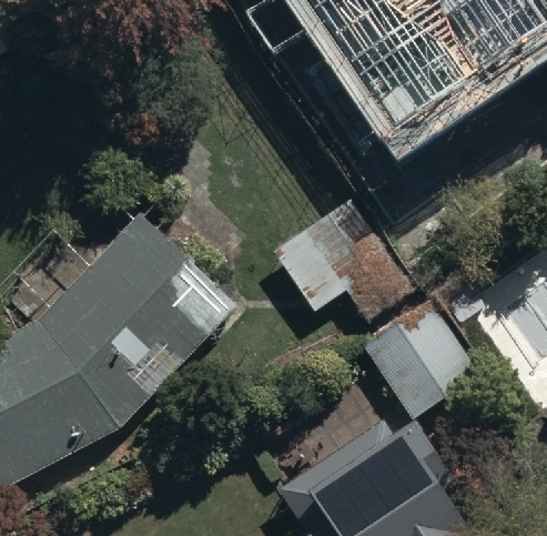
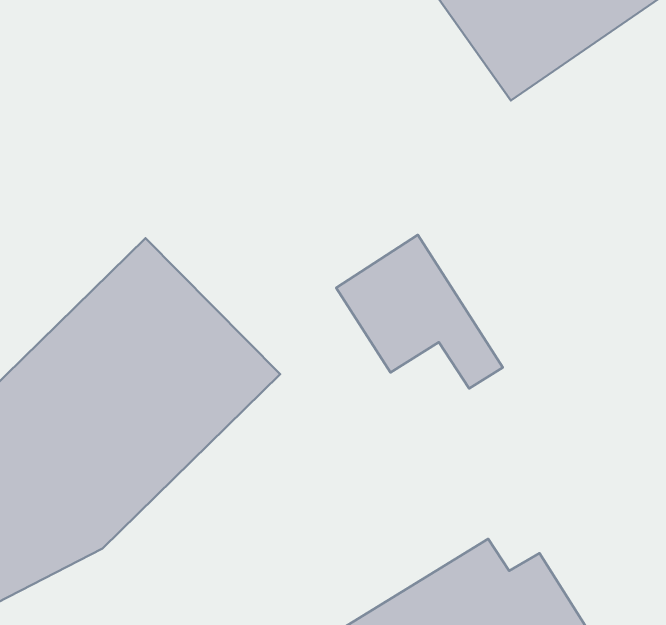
building: [366,304,482,425] -> none

